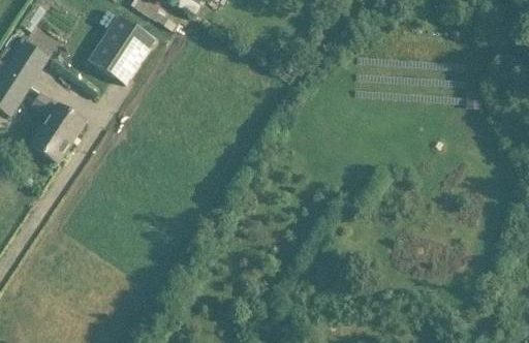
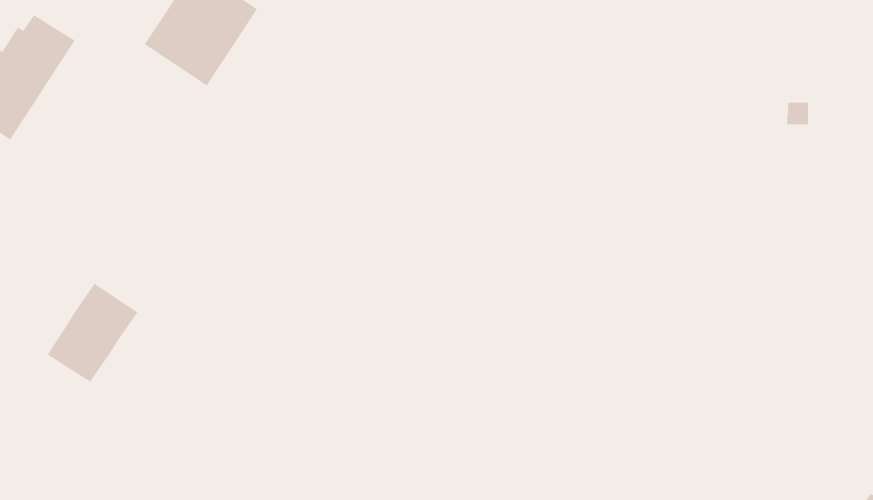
building: [31,103,85,162] -> [47,283,138,383]

